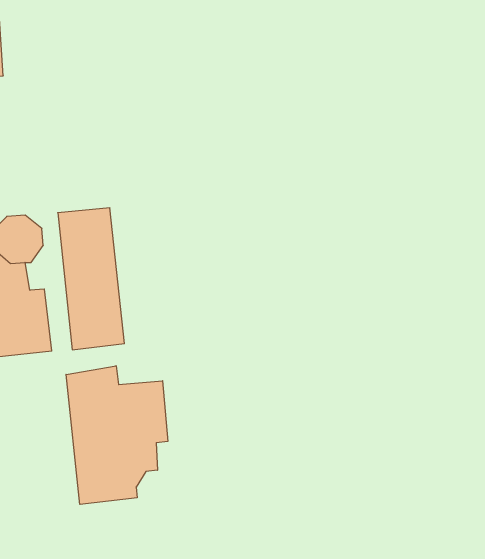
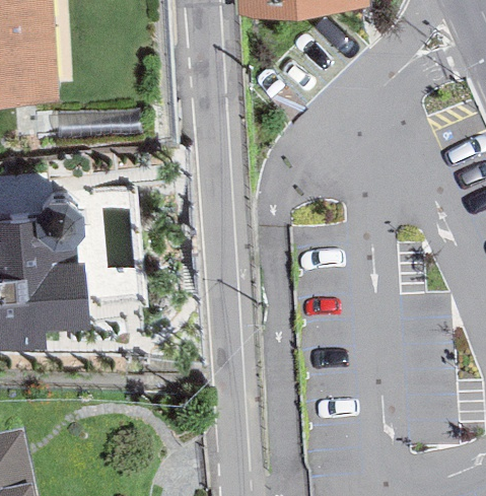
building: [66,366,168,504] -> none

